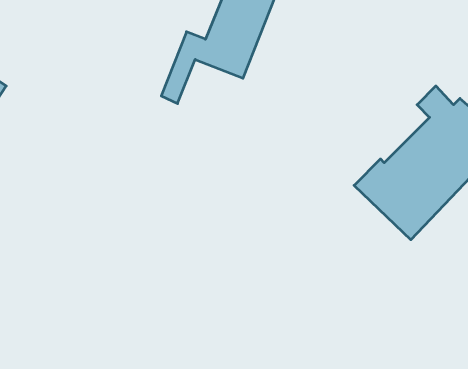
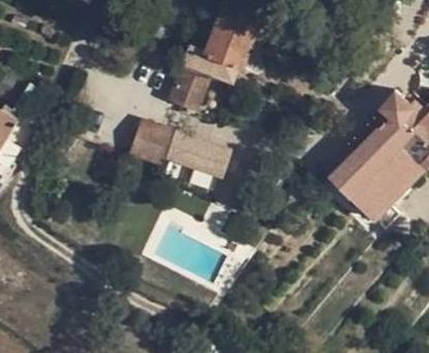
building: none -> [132,125,222,173]

